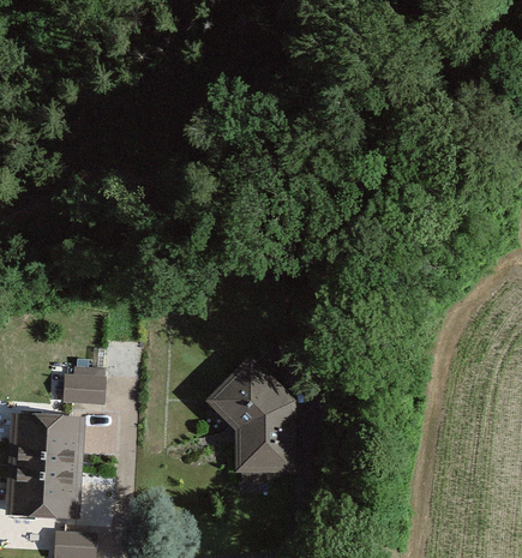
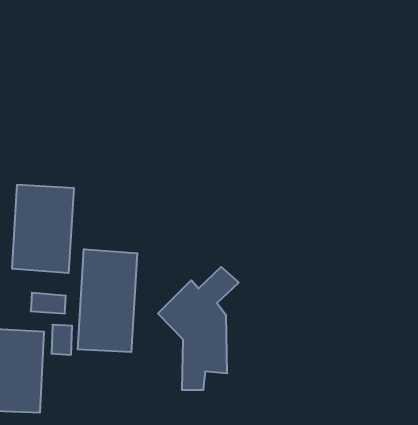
building: none -> [12,185,74,273]
building: none -> [78,249,137,352]

